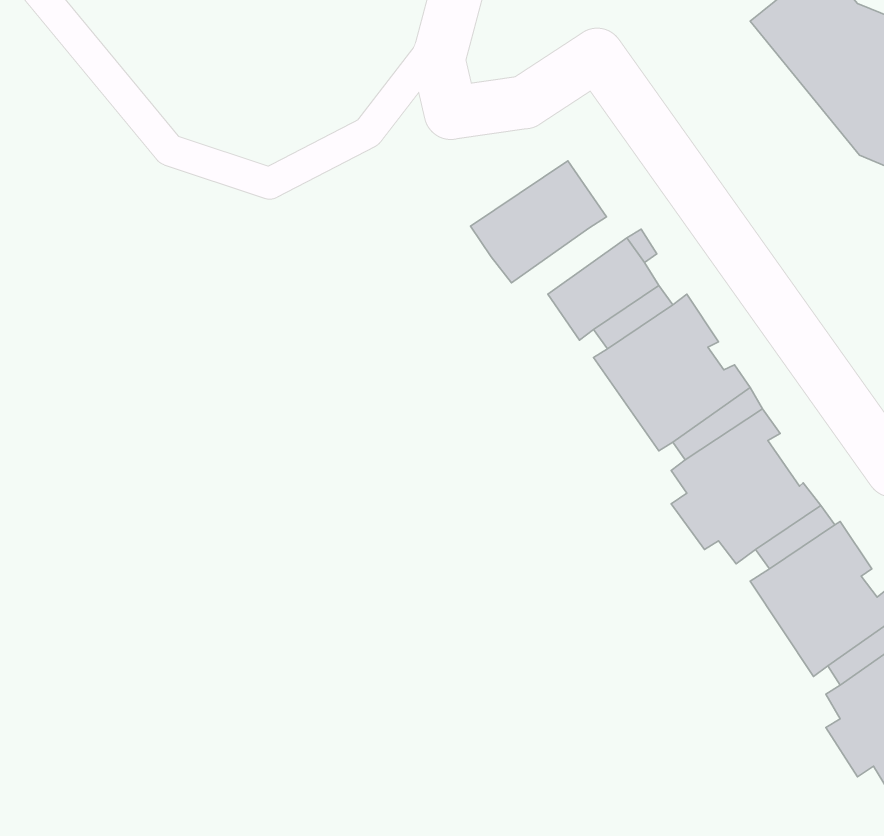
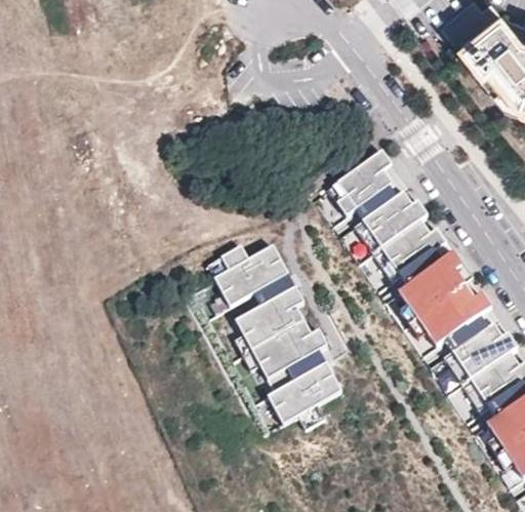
building: [471,161,607,283] -> none
building: none -> [208,245,338,429]

